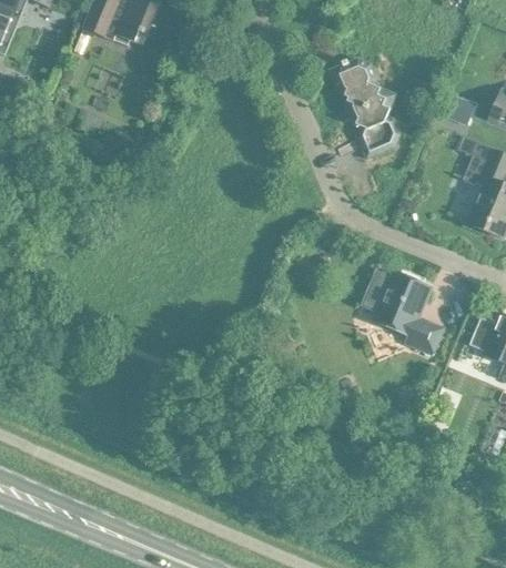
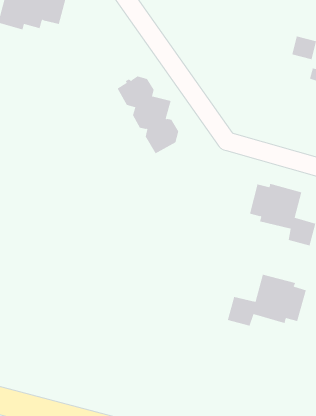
building: [331,59,401,159] -> [117,76,179,154]
building: none -> [227,274,306,326]

